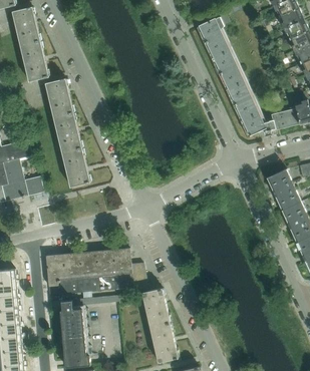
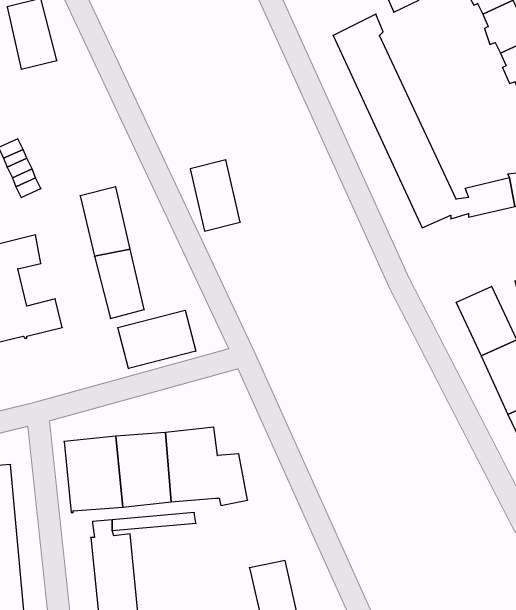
building: [21,41,49,81] -> none
building: [46,77,74,117] -> [190,160,240,231]
building: none -> [118,310,196,369]
building: [142,288,170,327] -> none

